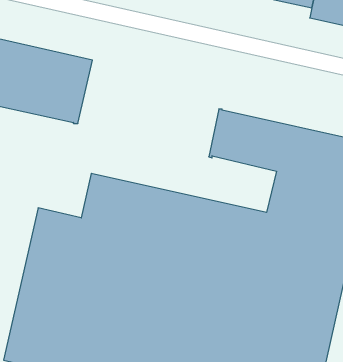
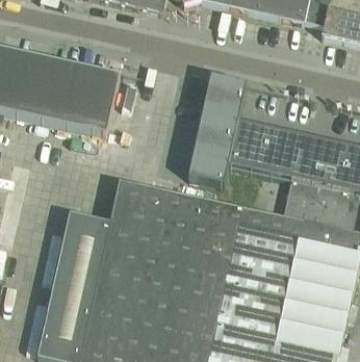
building: none -> [188,73,247,183]

